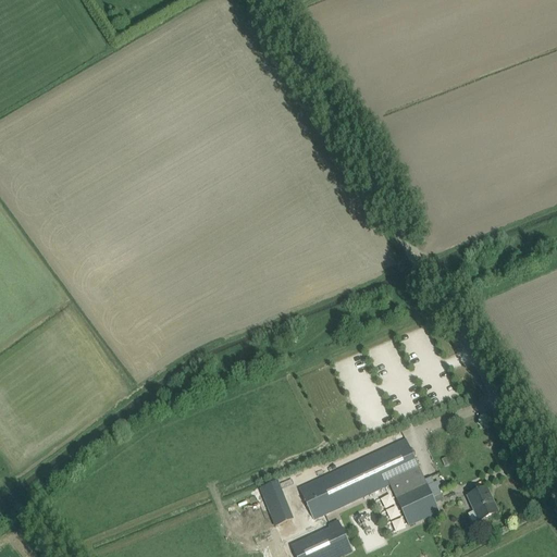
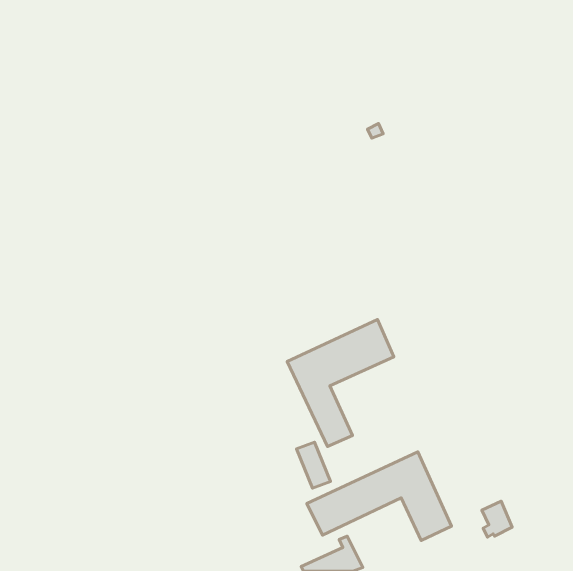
building: none -> [287,319,394,447]
building: [259,480,292,524] -> [297,442,330,488]

